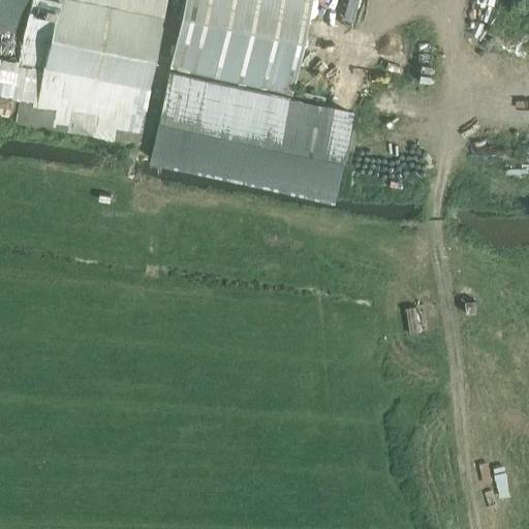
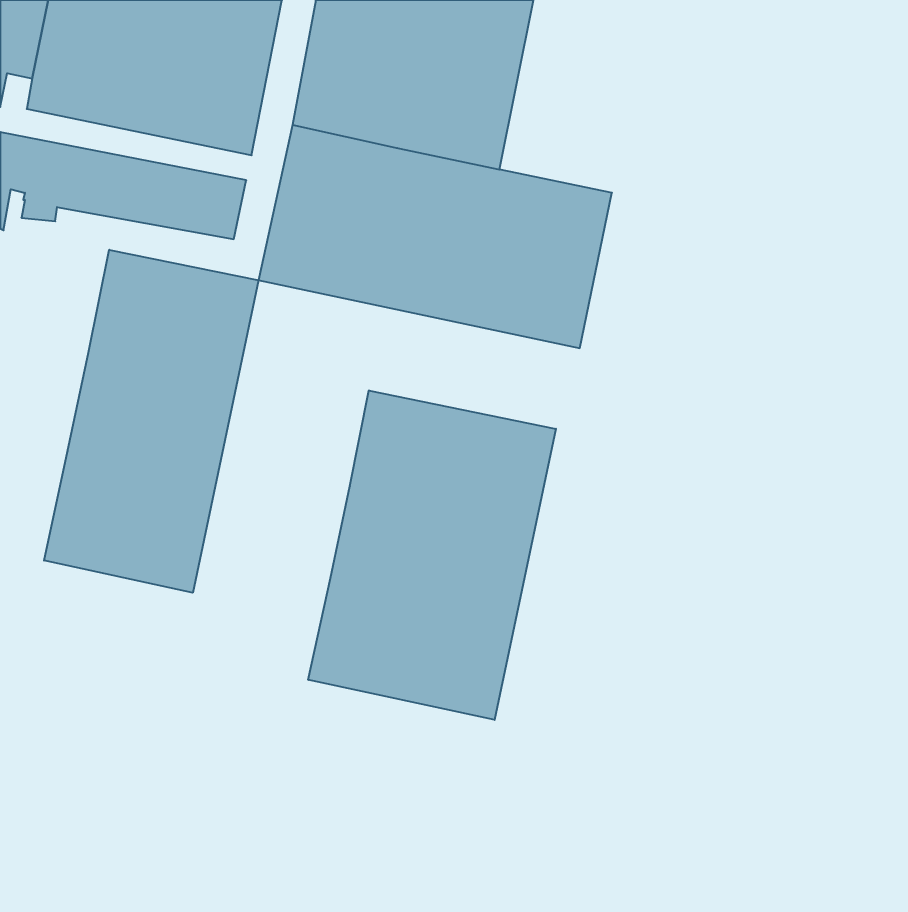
building: none -> [44,250,259,593]
building: none -> [308,390,556,720]

